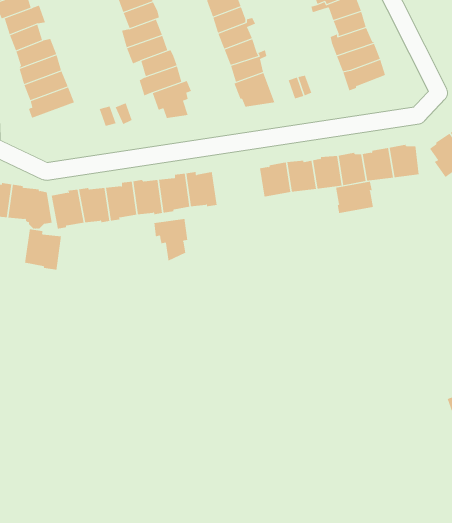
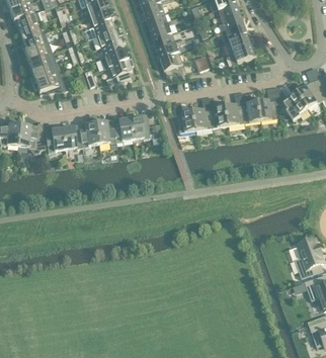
building: none -> [32,72,66,93]
building: [335,181,374,214] -> none
building: [154,218,188,261] -> none
building: [25,229,62,270] -> none

